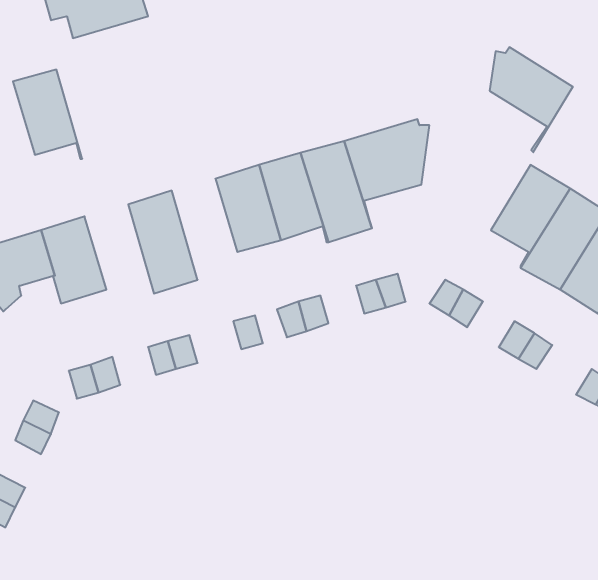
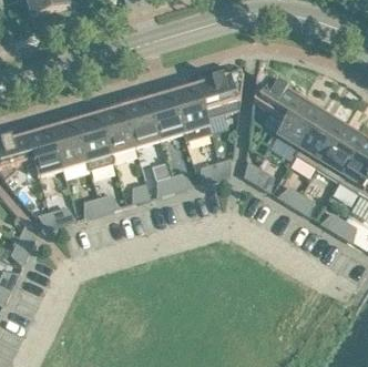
building: [490,47,573,152] -> [253,75,299,134]
building: [13,70,82,159] -> [50,120,89,170]
building: none -> [99,105,135,162]

